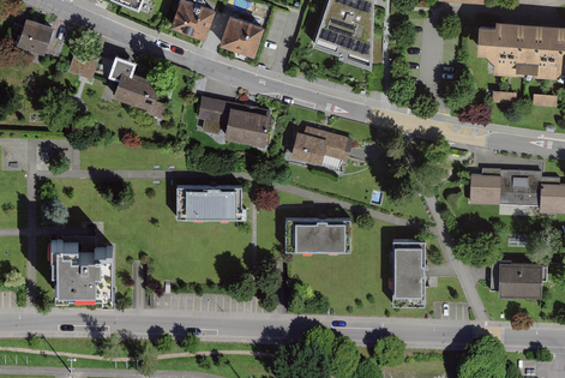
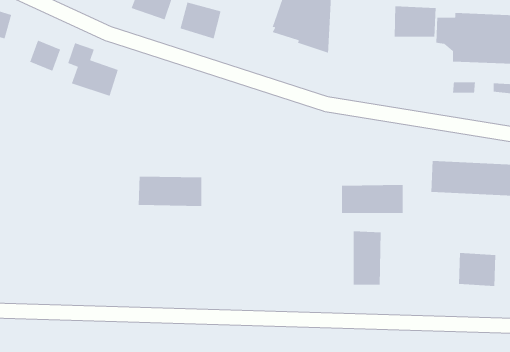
building: none -> [394,6,436,38]
building: [197,103,272,146] -> none
building: [295,130,351,164] -> none
building: [288,222,350,252] -> [341,184,403,214]
building: [54,247,115,295] -> none

